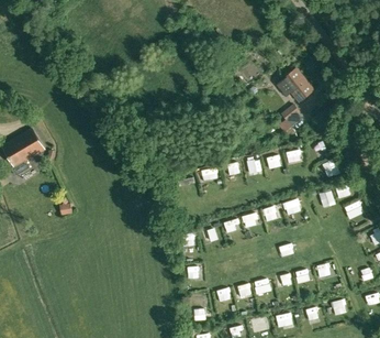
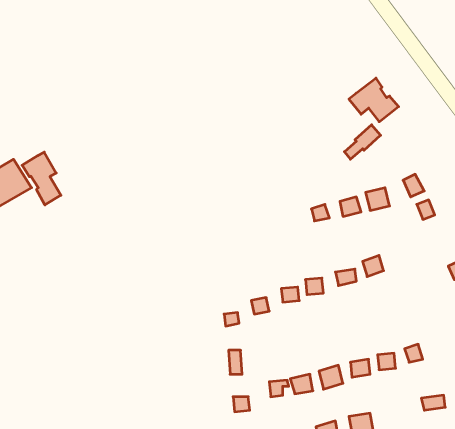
building: none -> [22,152,61,205]

